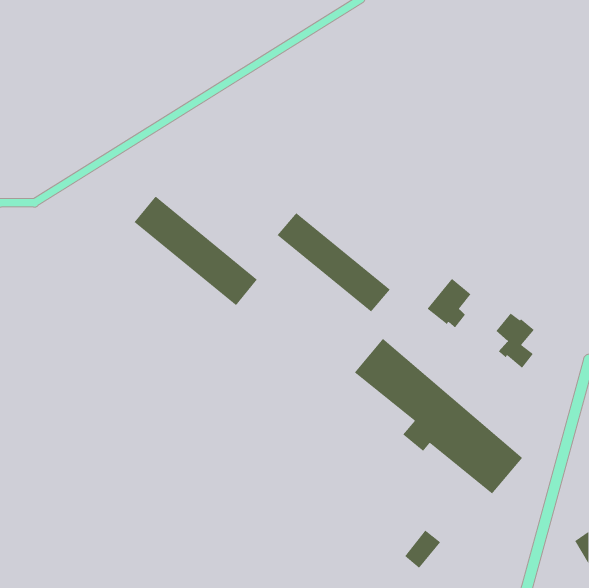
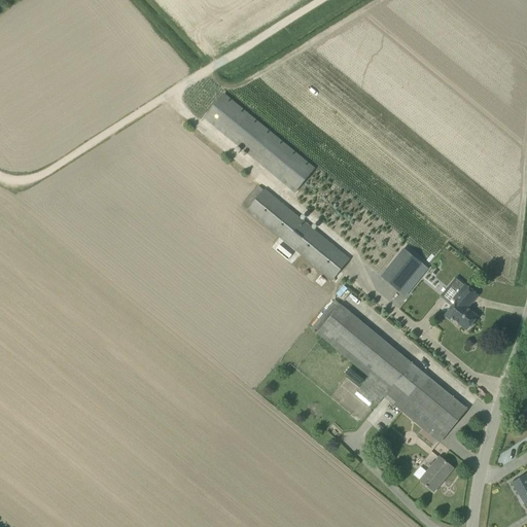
building: [134,195,258,306] -> [204,93,315,191]
building: [404,530,441,569] -> [420,456,453,491]

